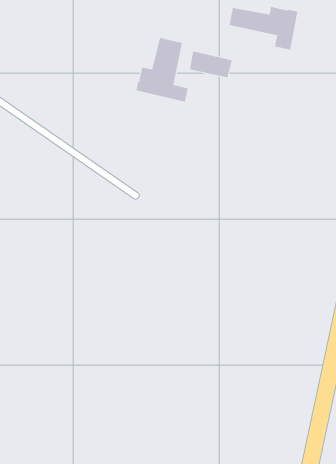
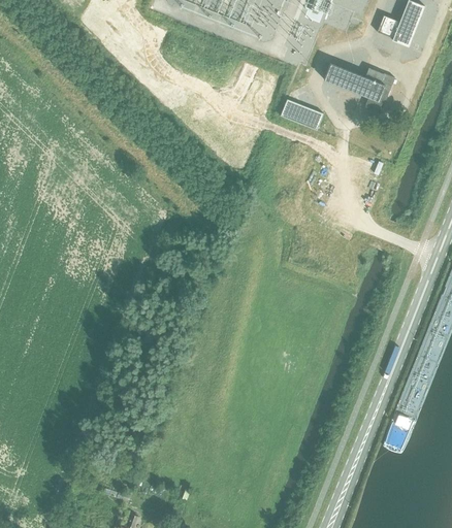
building: [136,37,188,102] -> none

